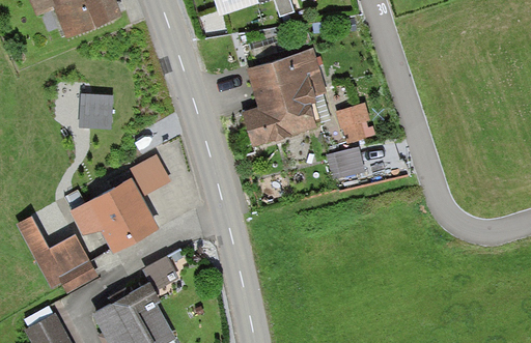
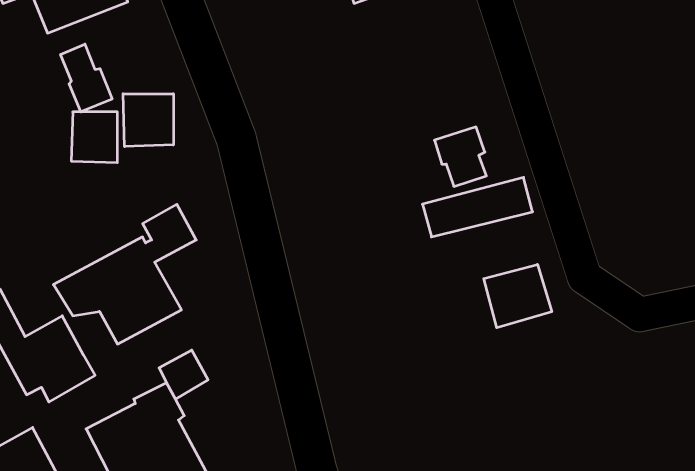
building: none -> [61,44,112,112]
building: [245,50,325,146] -> none
building: none -> [123,94,173,147]
building: none -> [484,264,552,328]

